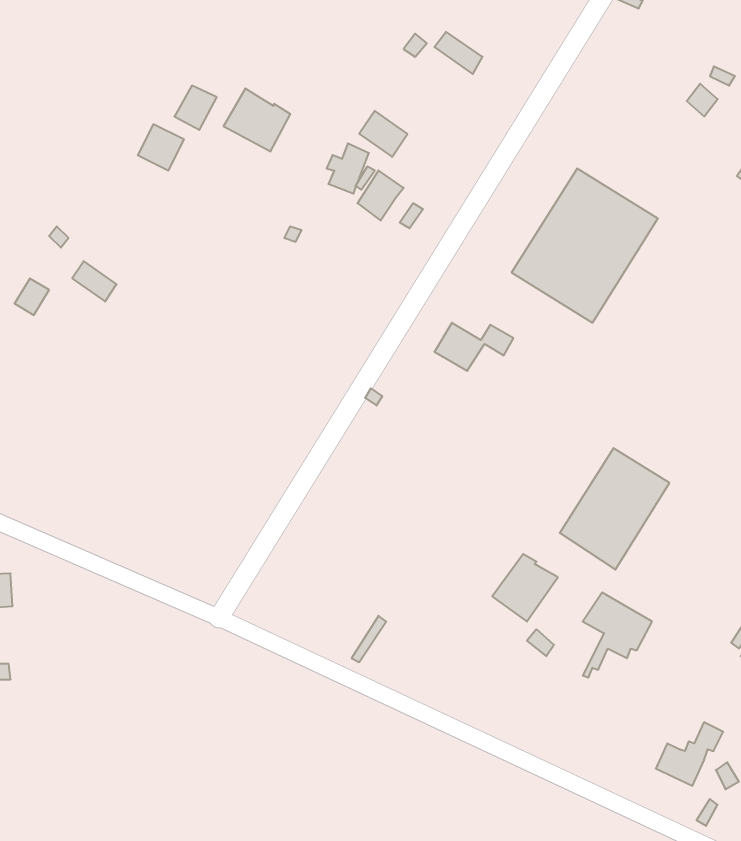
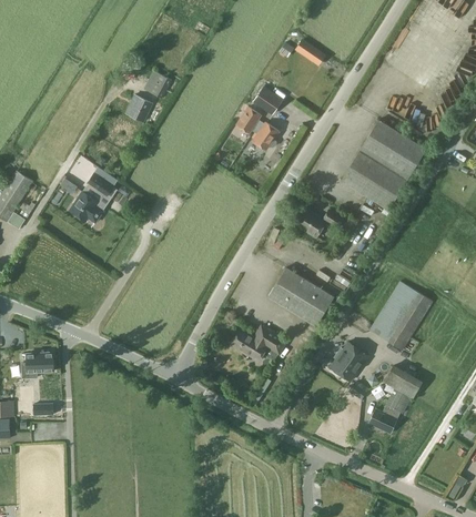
building: [224,88,290,152] -> none
building: none -> [69,191,103,222]
building: none -> [267,266,333,325]
building: none -> [230,326,284,359]
building: [656,722,723,786] -> [368,396,407,433]

